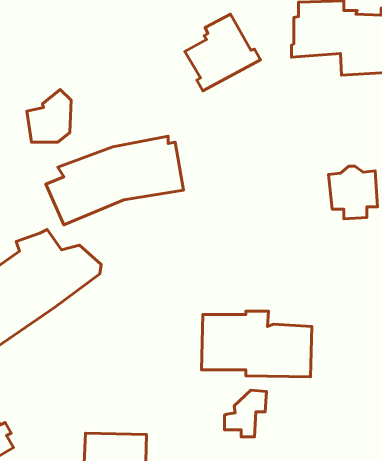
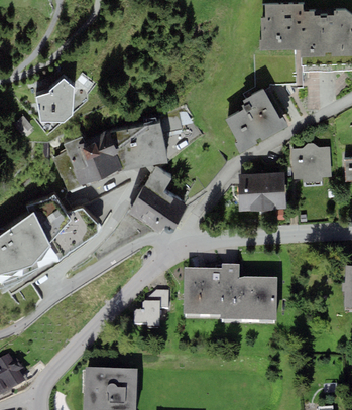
building: [185,14,260,91] -> [225,88,288,152]
building: none -> [128,168,187,234]
building: none -> [238,172,285,211]
building: [225,390,266,437] -> [134,289,169,328]

